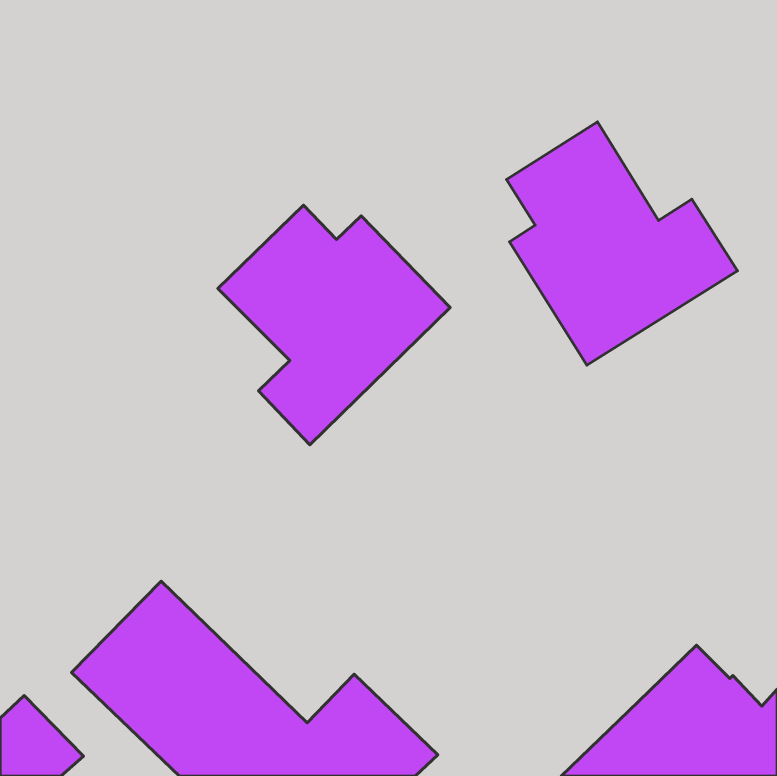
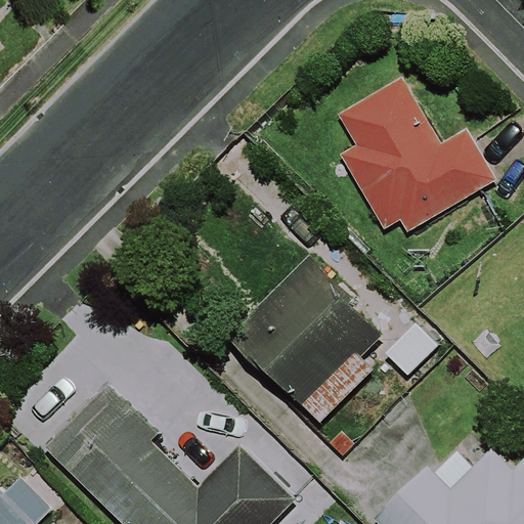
building: [218,205,450,445] -> none
building: none -> [228,257,380,426]

